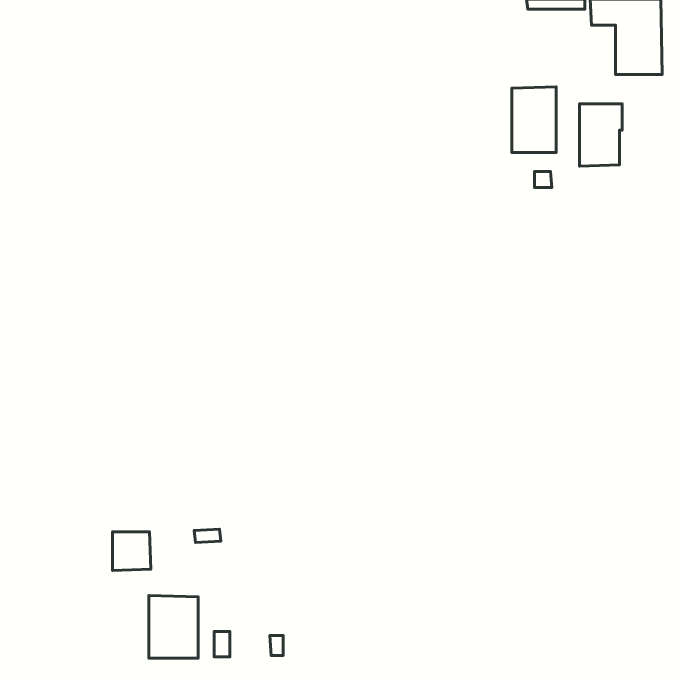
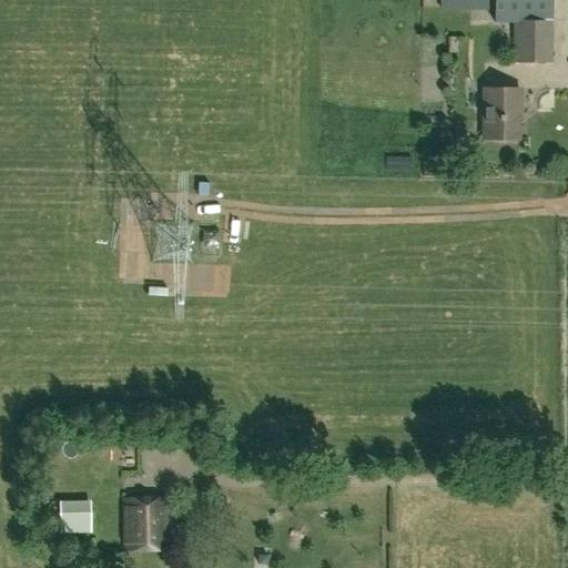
building: [512,87,556,153] -> none
building: [112,532,151,570] -> [60,500,92,532]

